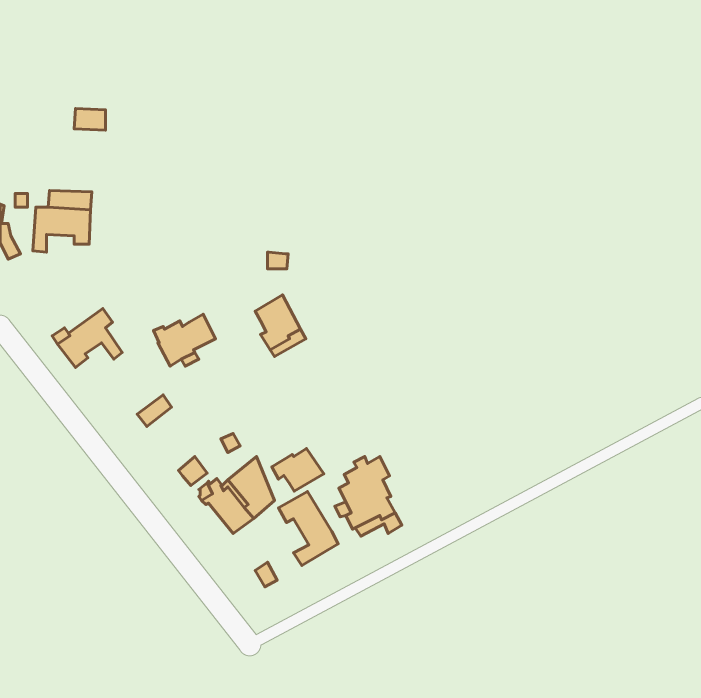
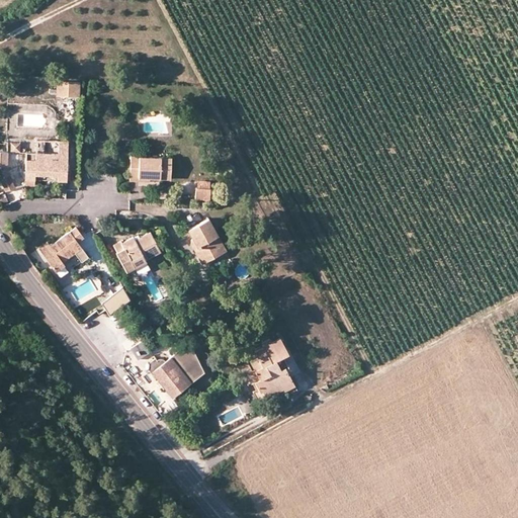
building: none -> [131,159,172,183]
building: [272,449,324,491] -> none
building: [279,491,338,566] -> none

